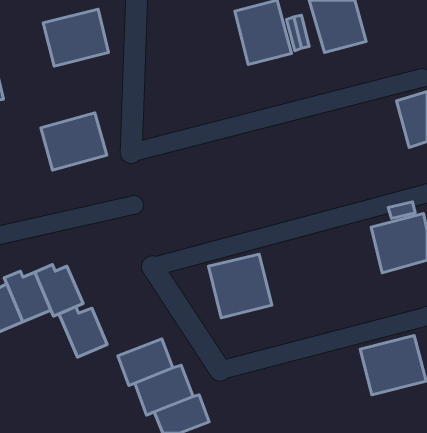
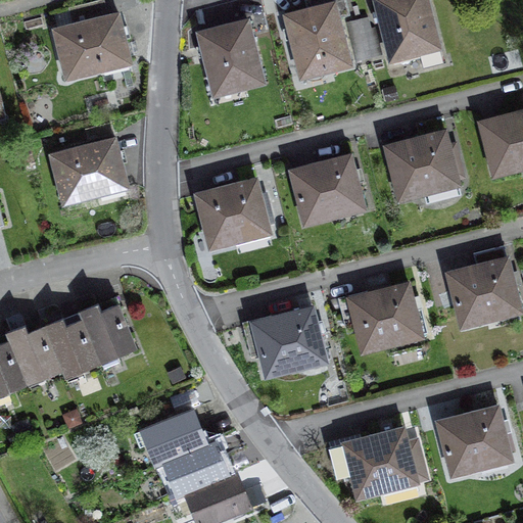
building: none -> [197,18,266,96]
building: none -> [383,130,463,202]
building: none -> [289,153,366,225]
building: none -> [195,177,271,248]
building: none -> [345,282,423,355]
building: [59,306,107,357] -> [78,304,136,366]
building: none -> [343,428,425,497]

